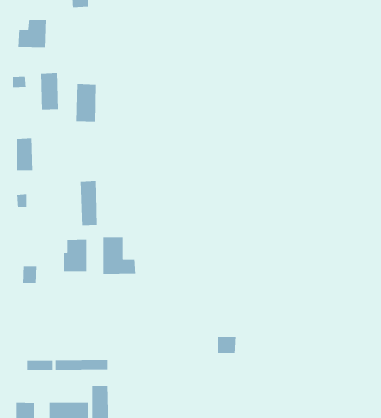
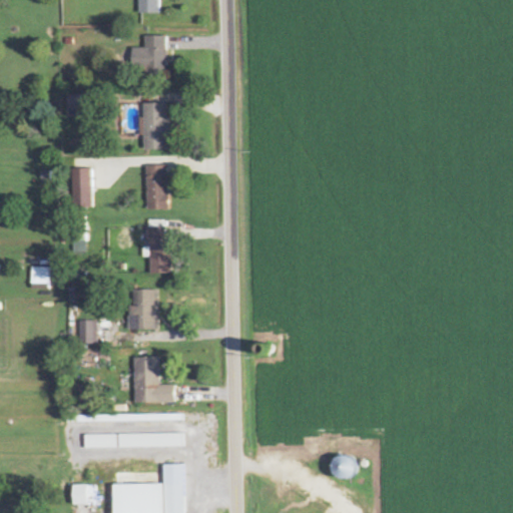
building: [18,19,47,48] -> [132,35,167,70]
building: [40,72,59,111] -> [146,164,168,210]
building: [103,236,136,275] -> [134,357,174,403]
building: [217,336,236,354] -> [331,457,354,478]

